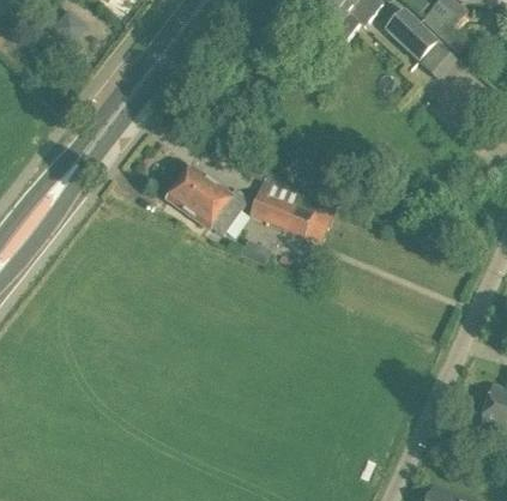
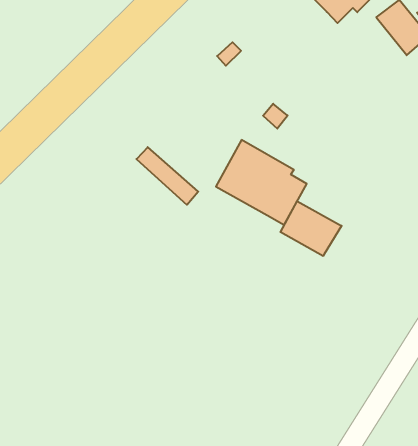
building: [176,164,248,221] -> none
building: none -> [280,201,342,256]

